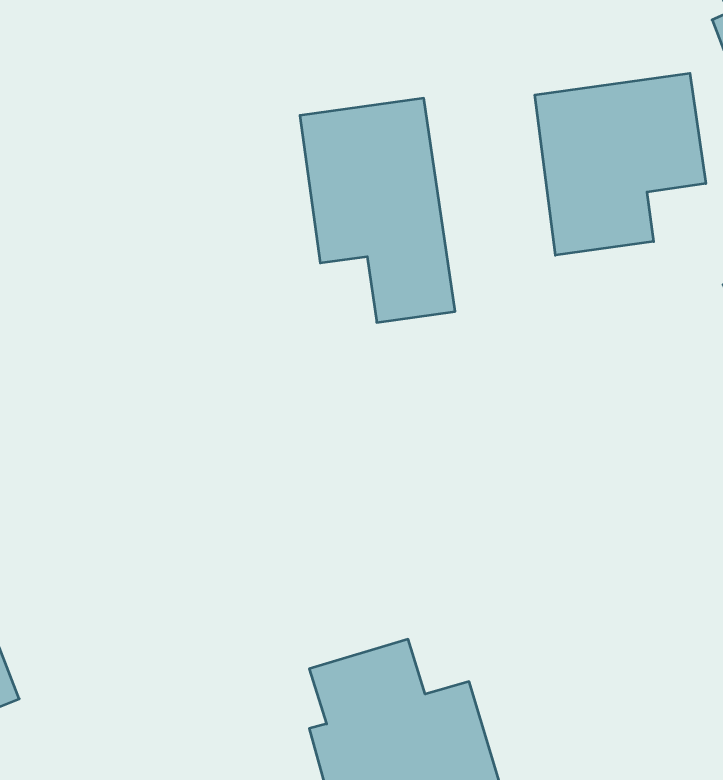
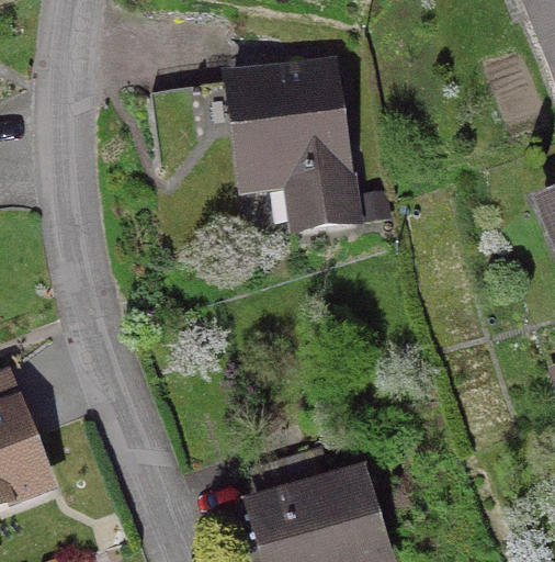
building: [535,73,706,255] -> none

